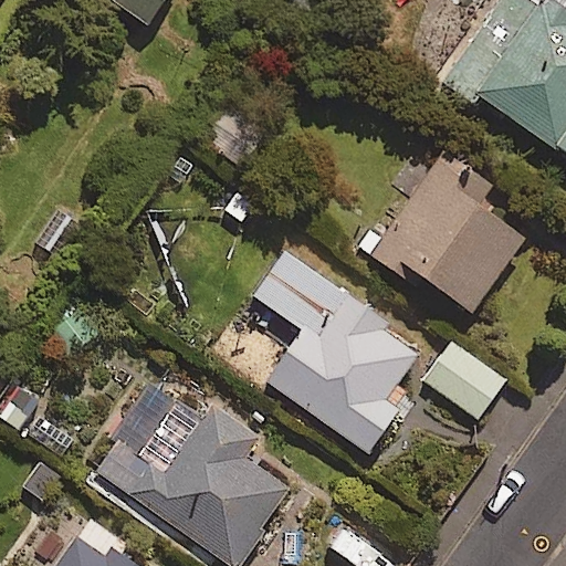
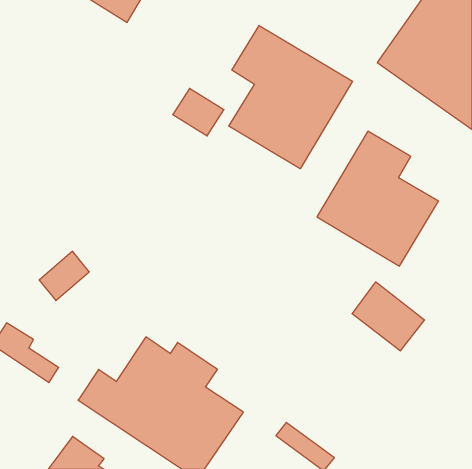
building: none -> [229,25,352,169]
building: [249,248,423,454] -> none

